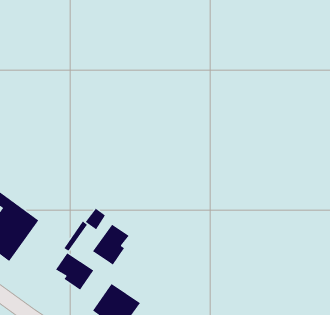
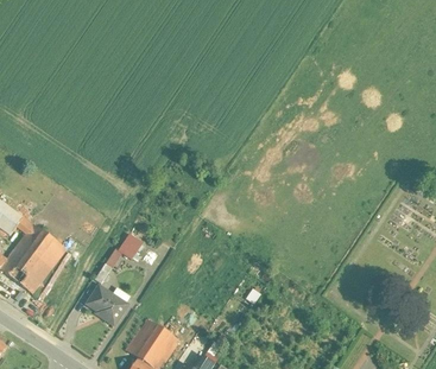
building: [92,224,129,265] -> none

